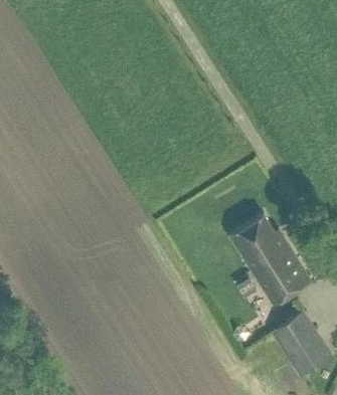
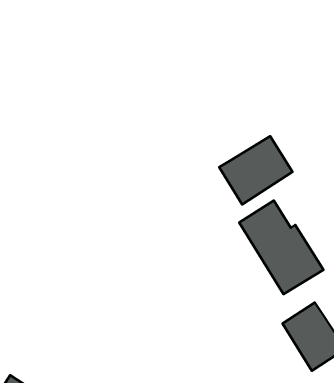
building: none -> [219,136,293,205]

